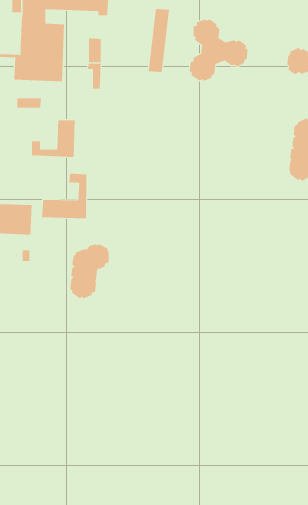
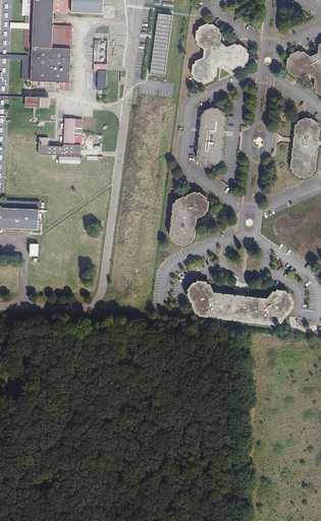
building: none -> [197,103,227,164]
building: [42,173,87,219] -> none
building: [70,244,109,299] -> [171,187,210,241]
building: none -> [190,278,297,321]

